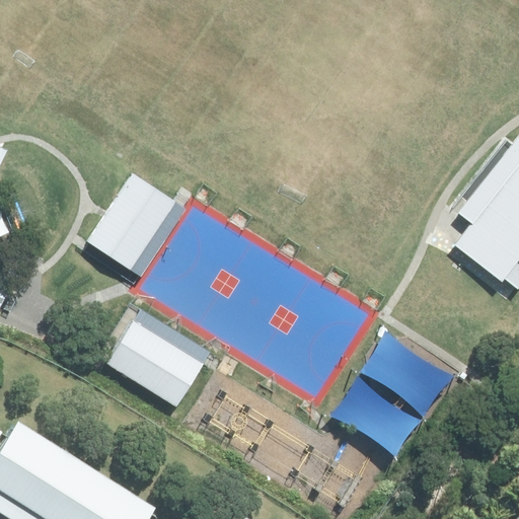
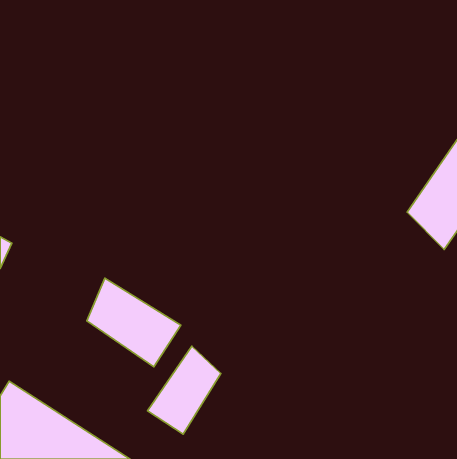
building: [91,171,176,267] -> none
building: none -> [147,346,221,434]

